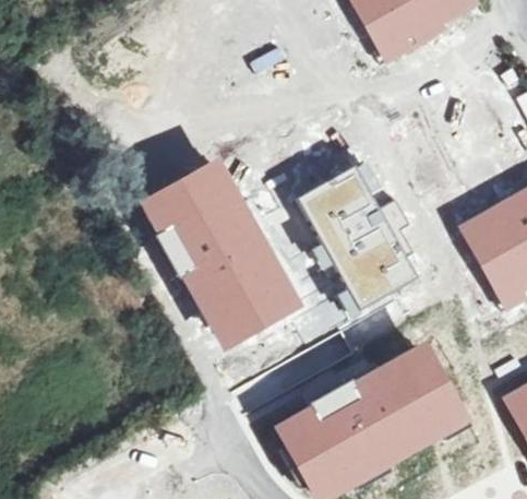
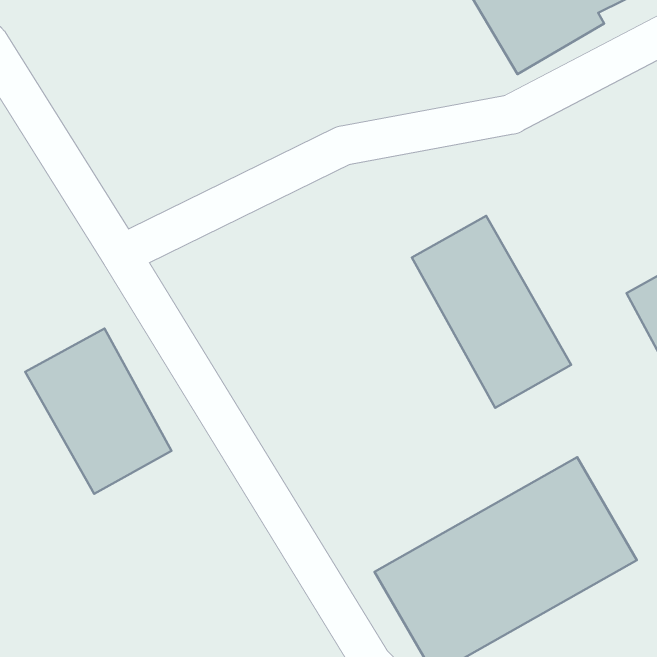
building: [144,158,302,348] -> none
building: none -> [25,328,171,494]

